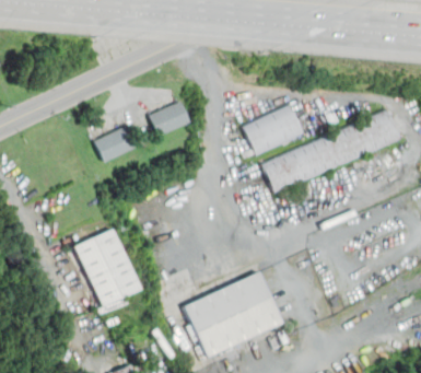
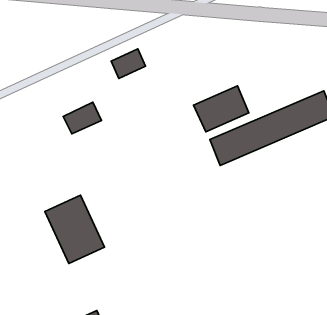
building: [150,101,189,135] -> [111,49,146,79]
building: [183,271,281,355] -> none

